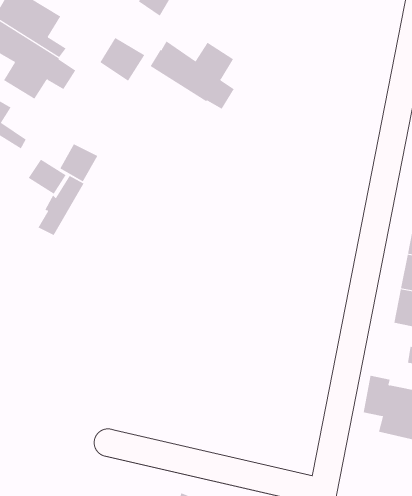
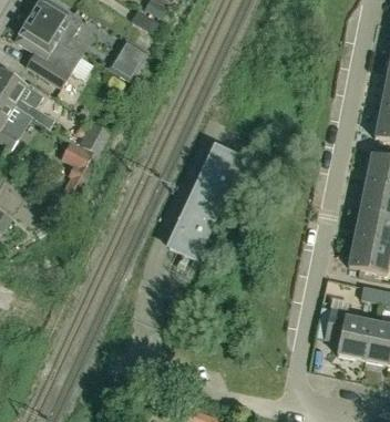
building: [150,41,234,110] -> none
building: none -> [170,146,240,257]

